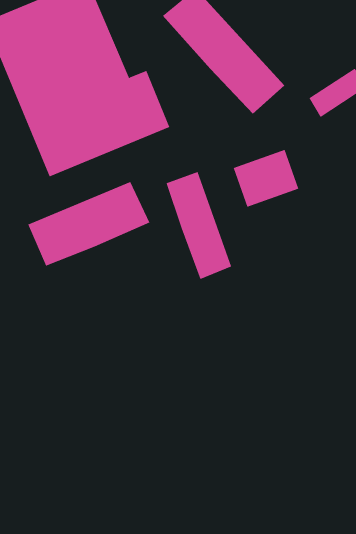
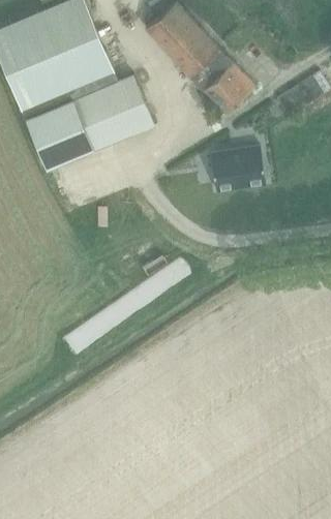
building: [166,171,232,280] -> none
building: [28,181,150,266] -> none

